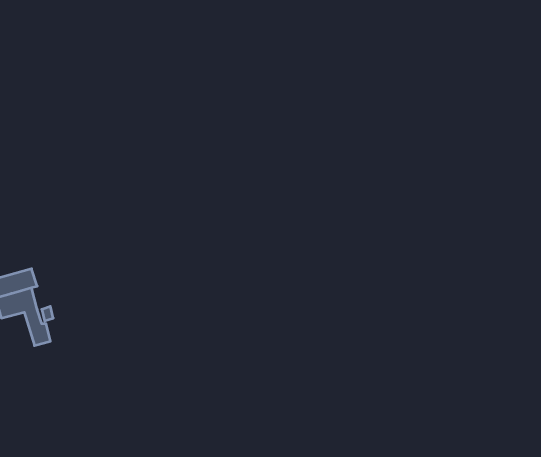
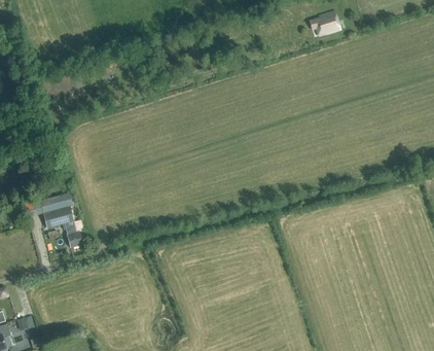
building: none -> [310,11,340,36]

